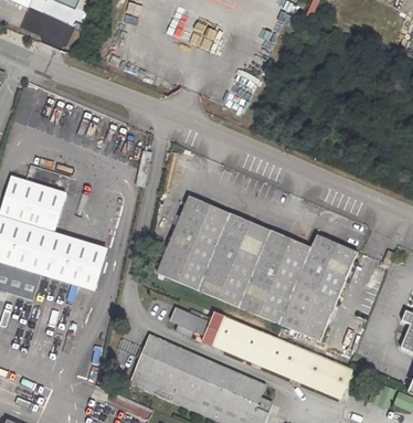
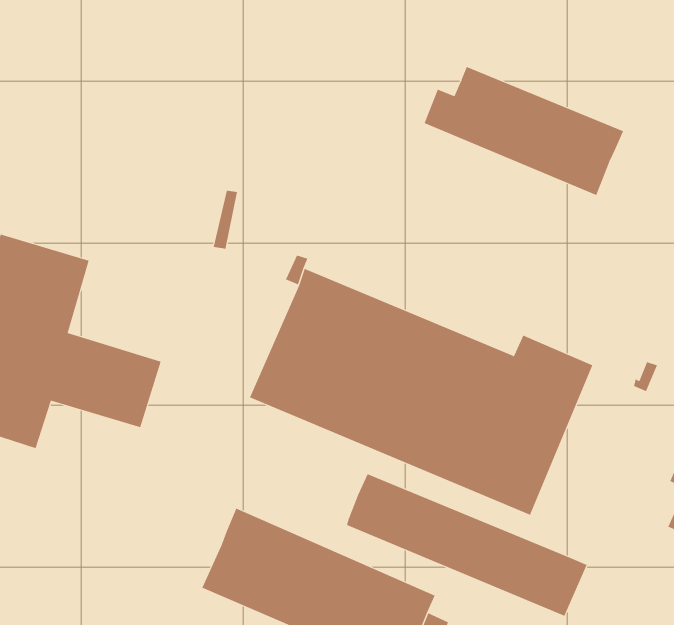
building: none -> [424,66,624,196]
building: [169,307,225,346] -> none

